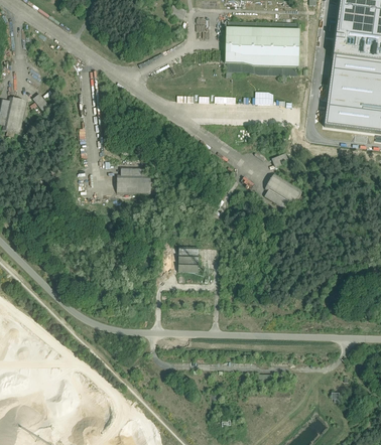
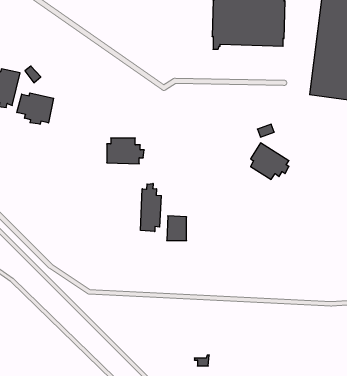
building: none -> [17,93,54,124]
building: none -> [141,183,161,232]

